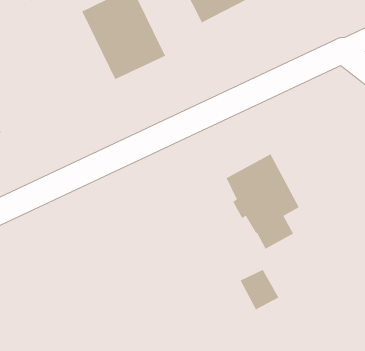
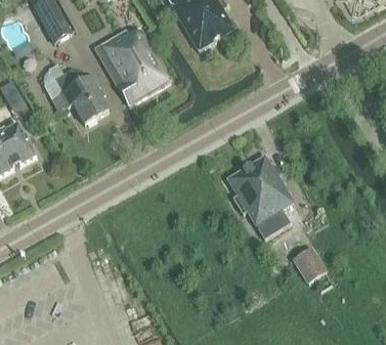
building: none -> [54,69,109,123]
building: [239,269,279,311] -> [291,247,326,283]

